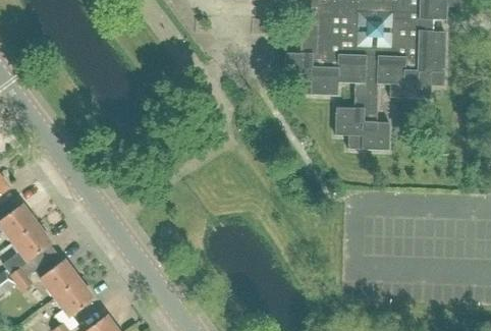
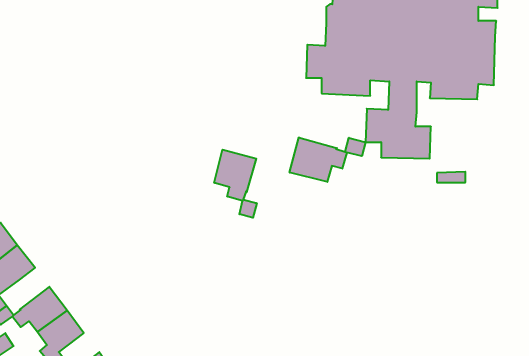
building: none -> [290,137,366,182]
building: none -> [214,150,257,218]

